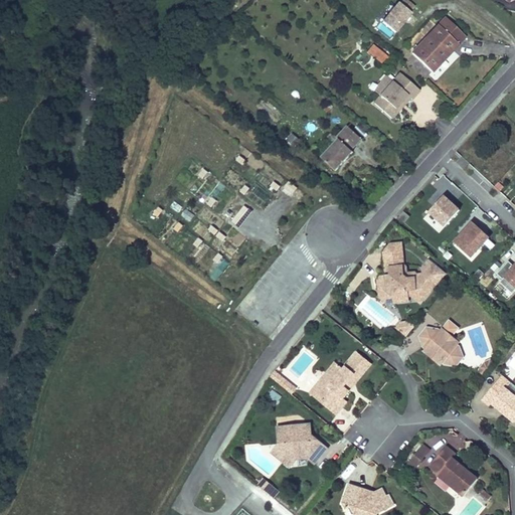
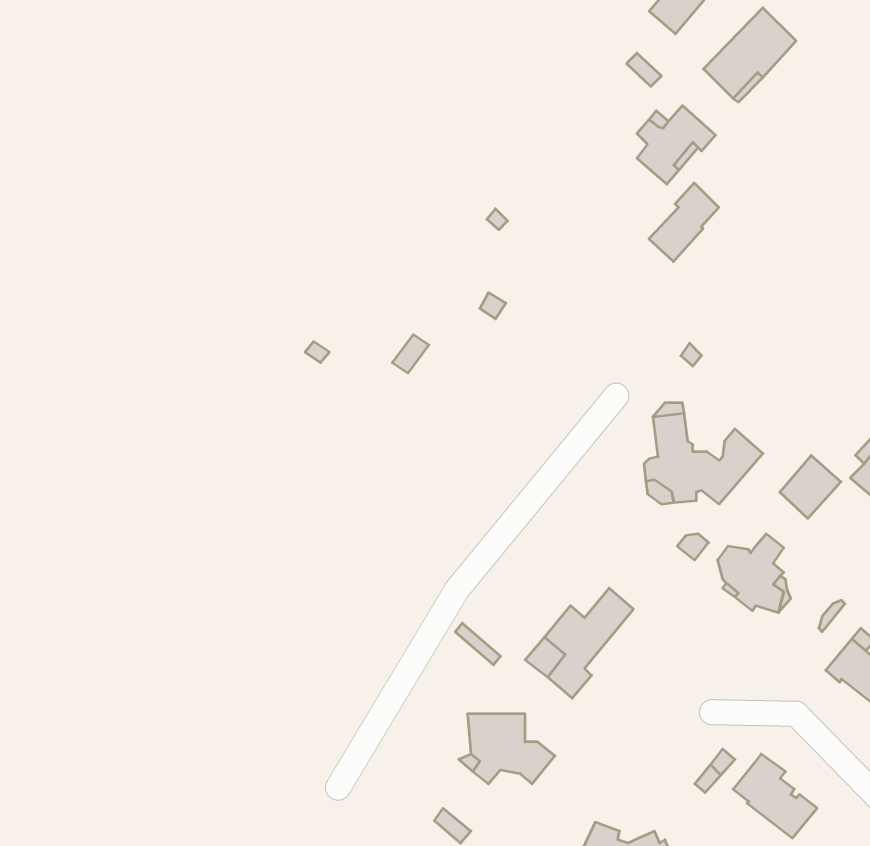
building: [321,125,361,170] -> [649,183,719,262]
building: [428,196,460,228] -> none
building: [455,221,490,258] -> [780,455,841,518]

